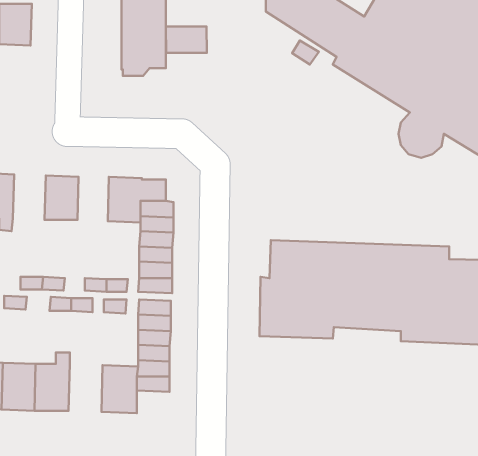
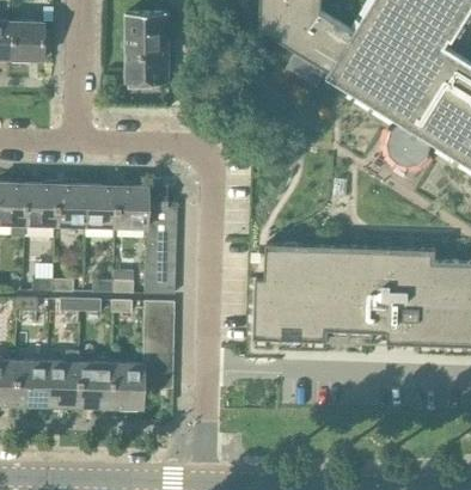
building: [166,26,207,53] -> none
building: none -> [23,182,54,225]
building: none -> [84,184,114,226]
building: none -> [75,361,108,406]

